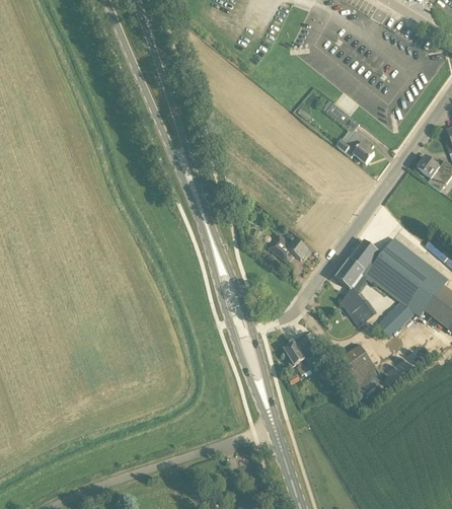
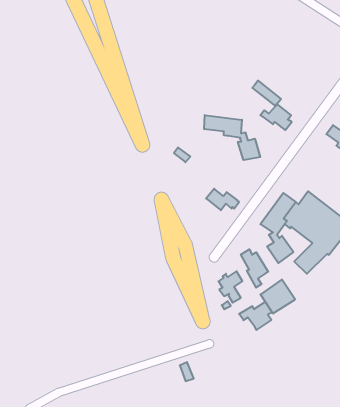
building: none -> [204,115,260,160]
building: none -> [241,249,268,288]
building: none -> [239,302,272,330]

